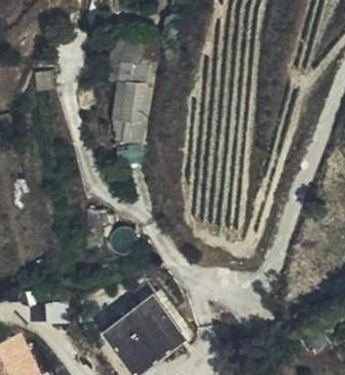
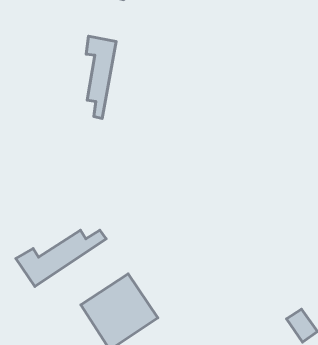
building: none -> [16,230,106,286]

